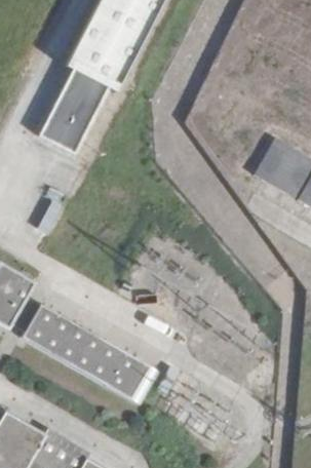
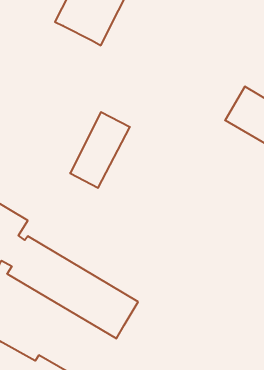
building: [42,69,108,152] -> [70,112,130,188]

